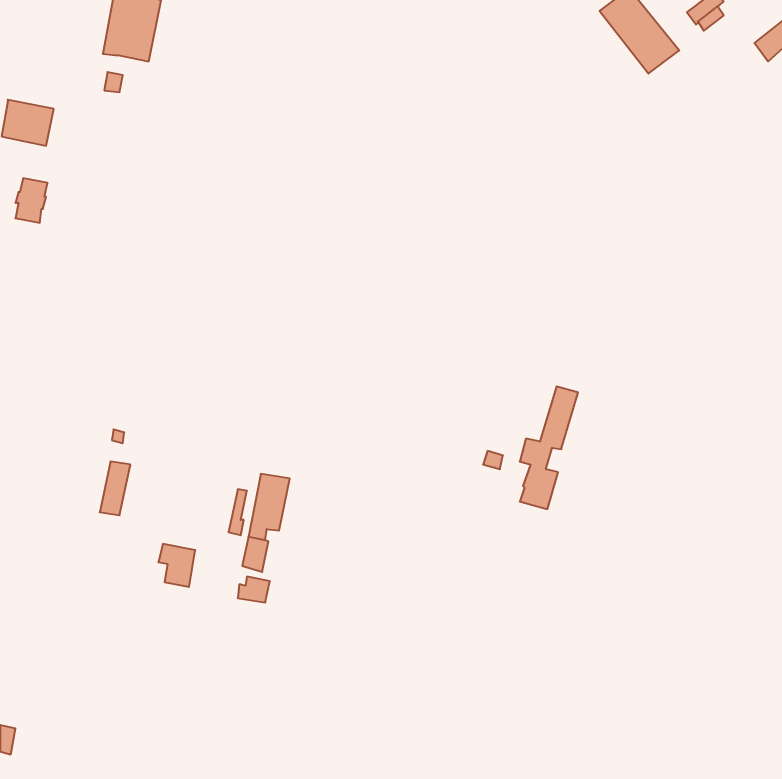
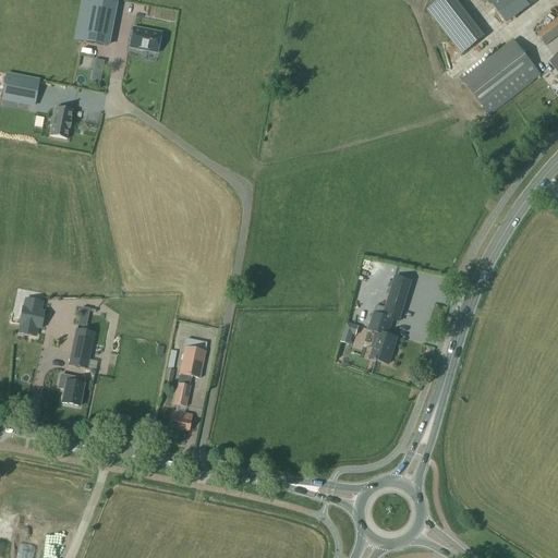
building: none -> [130,25,161,51]
building: none -> [464,39,542,112]
building: [15,178,48,223] -> [50,106,73,137]
building: none -> [19,296,45,332]
building: [158,544,195,587] -> [59,374,85,404]

